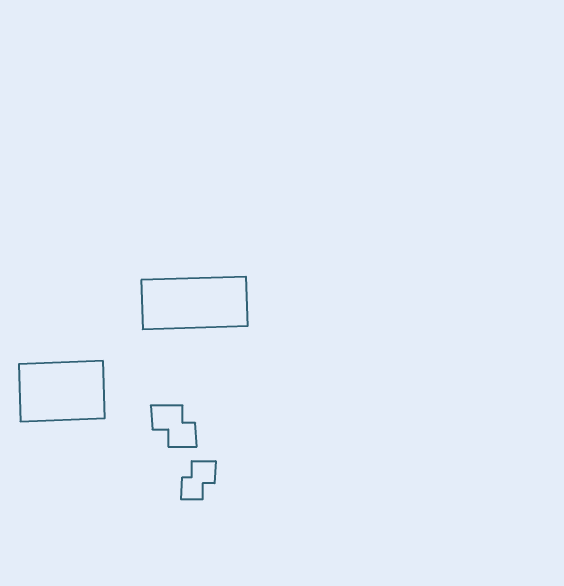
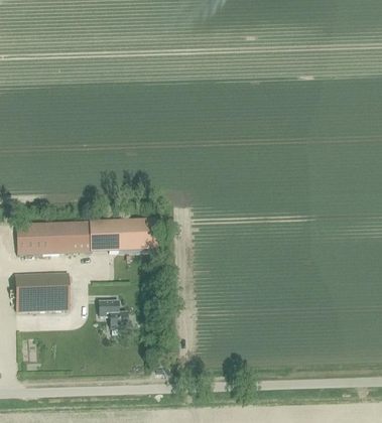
building: none -> [15,221,93,254]
building: [181,461,216,499] -> none

